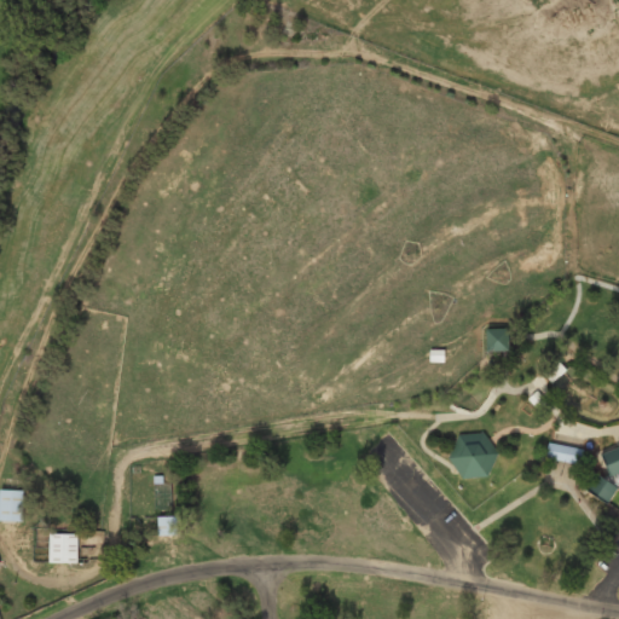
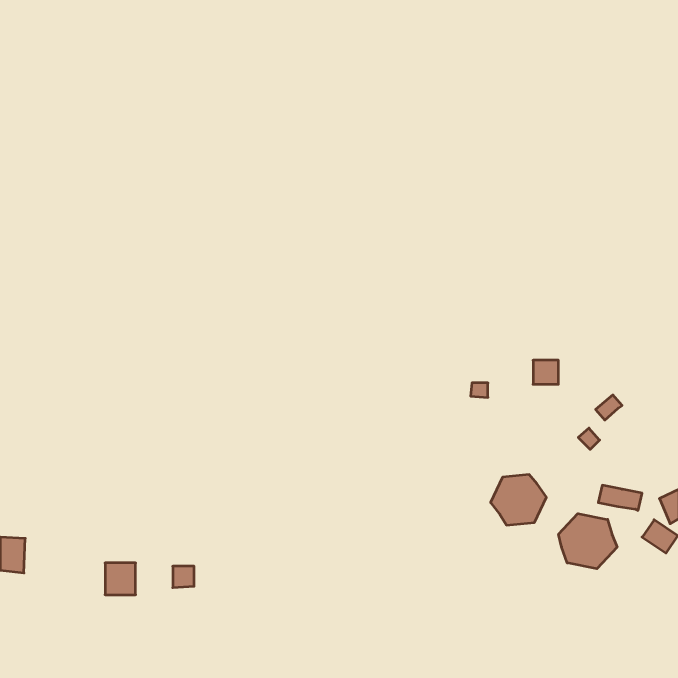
building: none -> [559,514,617,569]
building: [50,533,77,562] -> [105,563,136,595]

